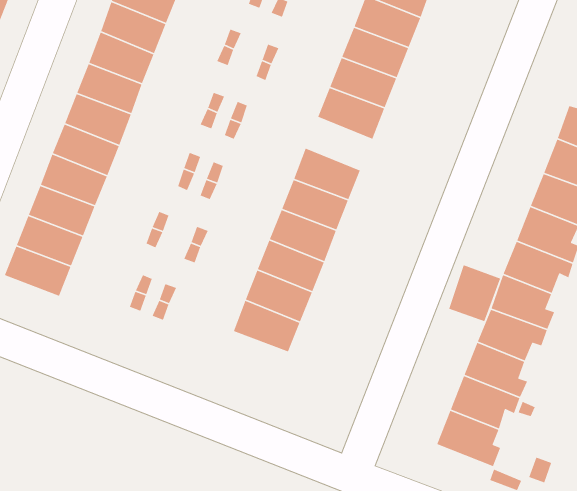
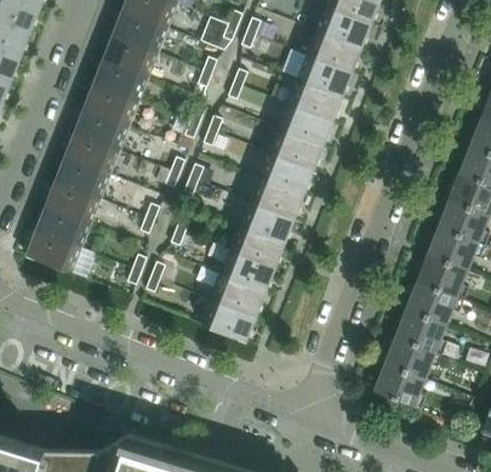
building: none -> [267,131,321,174]
building: [448,264,501,322] -> none
building: none -> [199,303,253,345]

